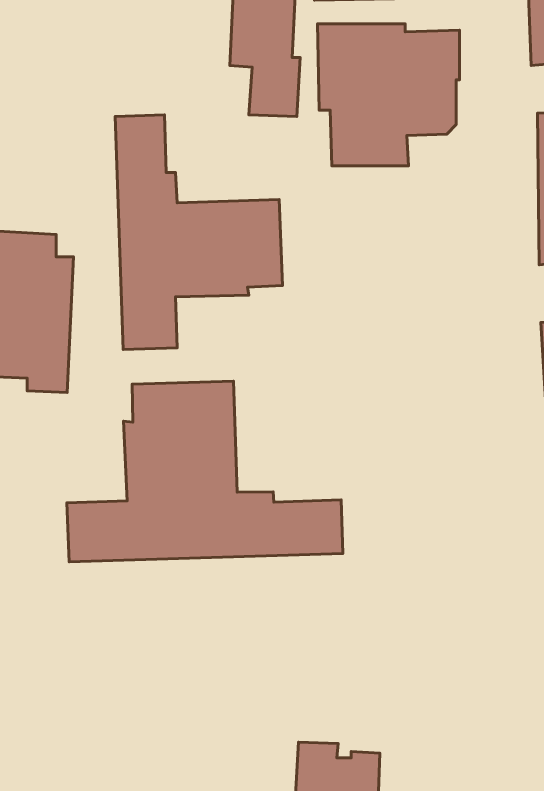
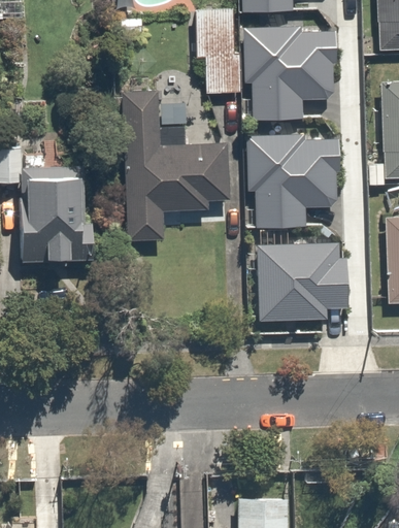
building: none -> [247,136,340,228]
building: none -> [258,242,348,322]
building: [67,381,343,562] -> none

